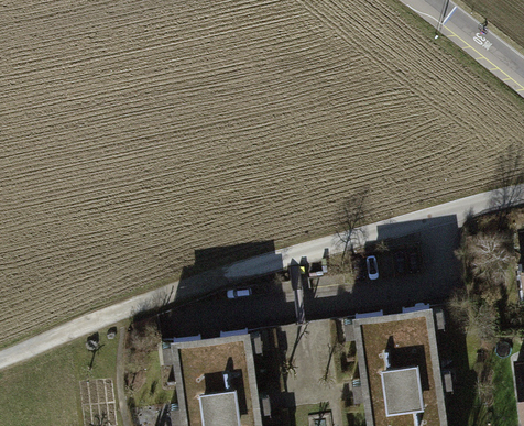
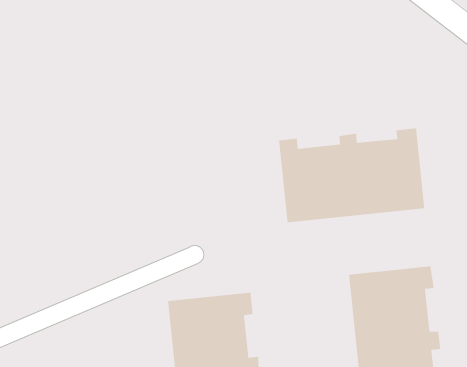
building: none -> [278,128,425,223]

